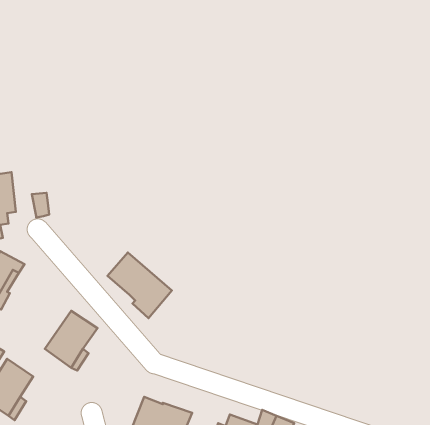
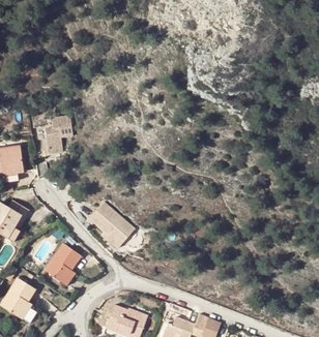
building: none -> [45,115,72,154]

